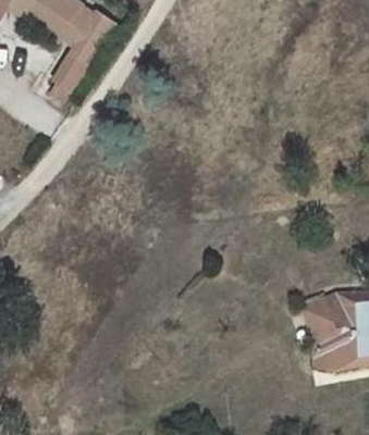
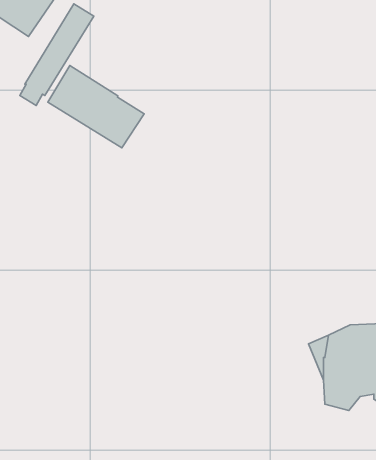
building: none -> [48,66,144,148]

